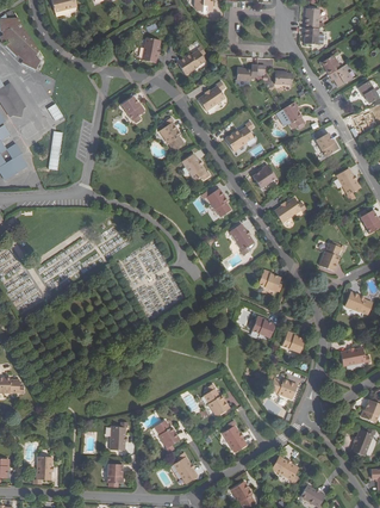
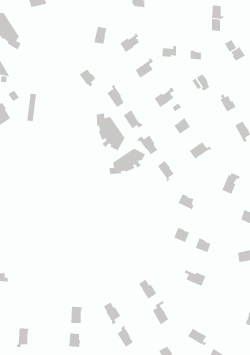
building: none -> [96,113,125,151]
building: none -> [109,148,146,175]

